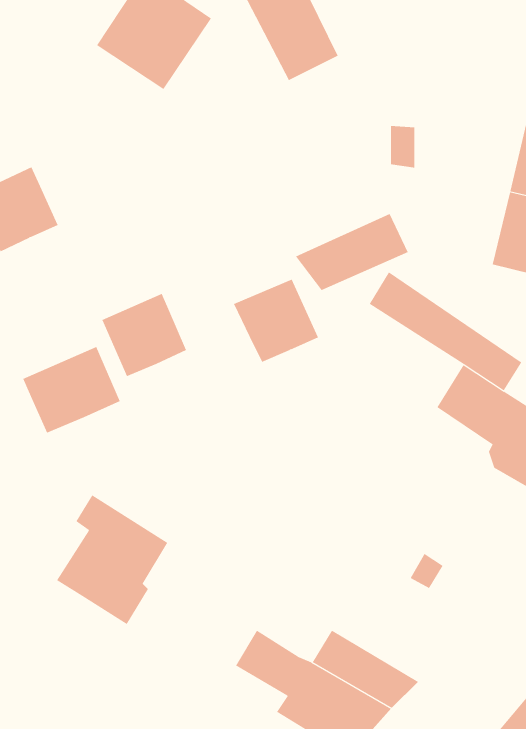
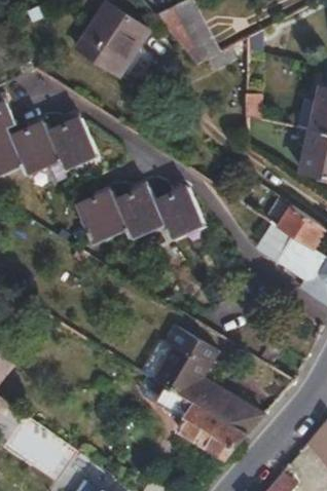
building: none -> [44,114,92,161]
building: [295,213,409,291] -> none
building: none -> [118,186,167,235]
building: [23,346,120,433] -> none
building: [56,495,168,625] -> [152,325,217,400]

